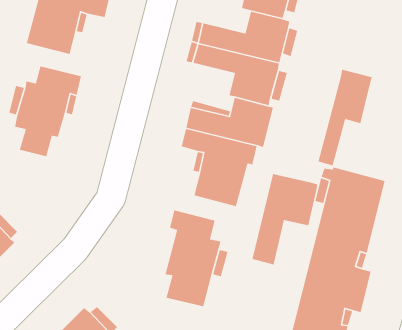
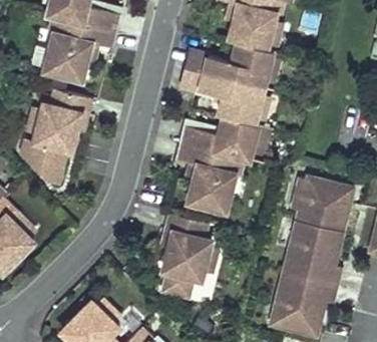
building: [317,69,373,167] -> none
building: [252,173,318,265] -> none

